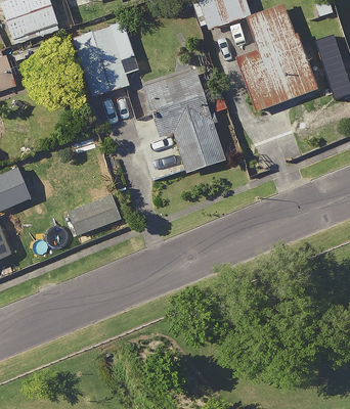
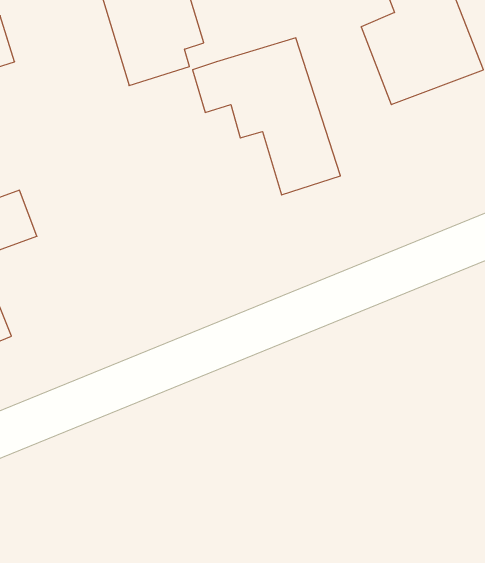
building: [62,193,112,231] -> none

